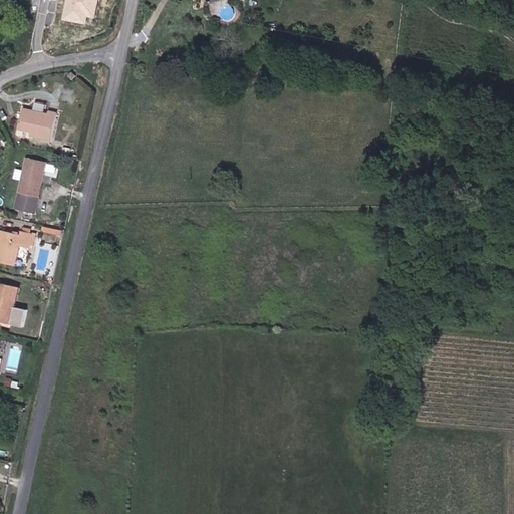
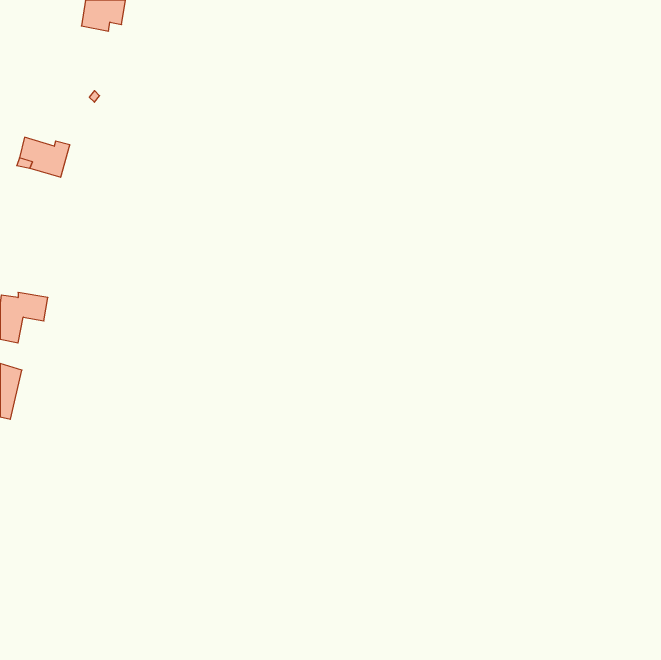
building: [13,158,44,214] -> none

